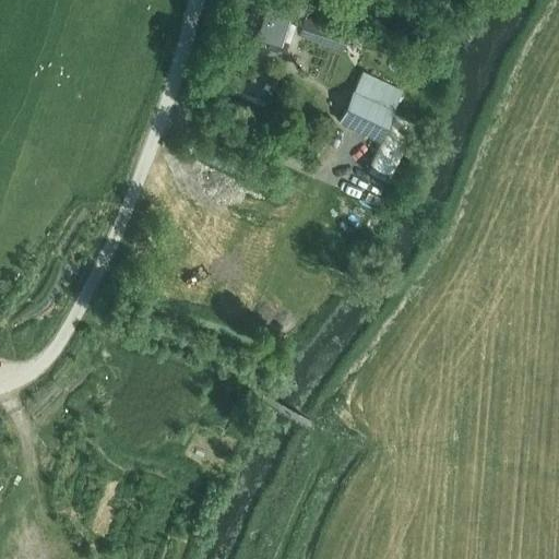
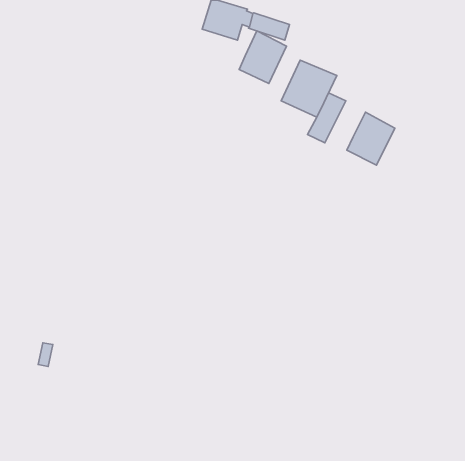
building: none -> [239,31,286,83]
building: none -> [347,112,395,165]

